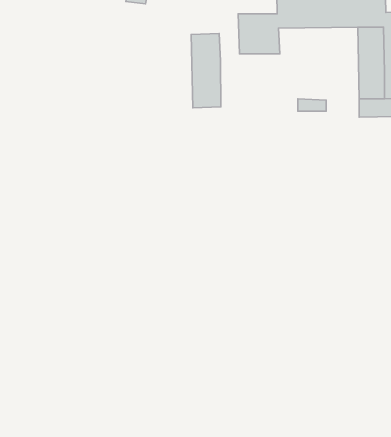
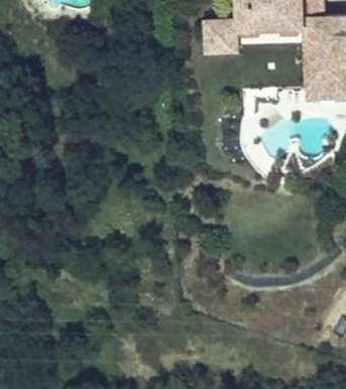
building: [191,33,221,108] -> none

